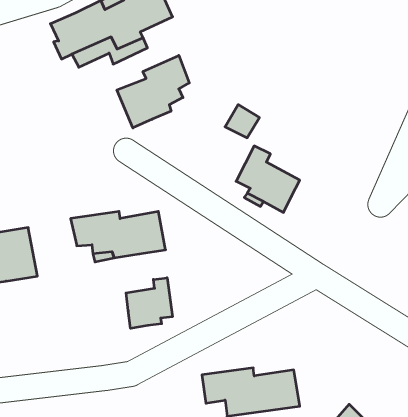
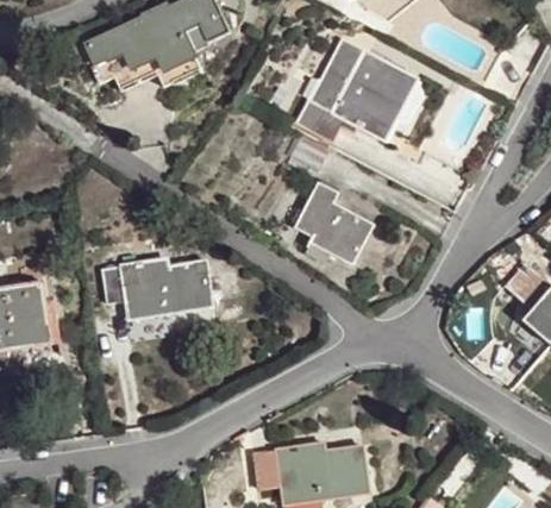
building: none -> [293,38,411,143]
building: [117,55,189,128] -> none
building: [126,278,172,328] -> none

